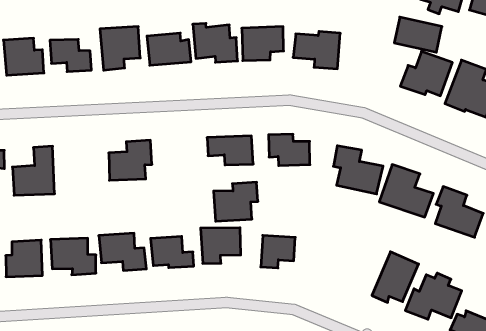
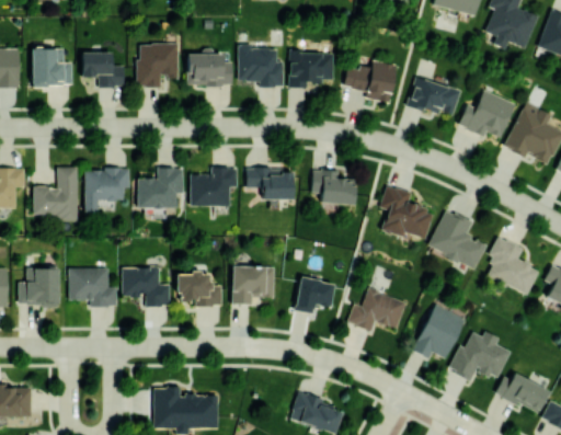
building: [394,17,442,52] -> [409,77,461,117]
building: none -> [84,168,129,211]
building: [214,182,258,221] -> [191,167,238,206]
building: none -> [347,288,408,331]

